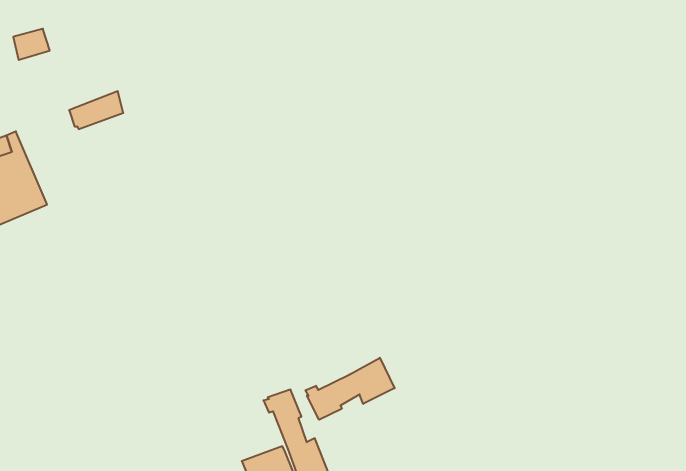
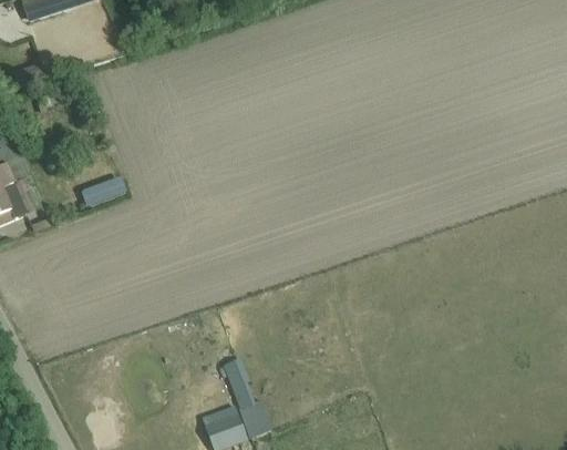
building: [69,91,123,129] -> [80,177,124,208]
building: [305,358,395,420] -> none

